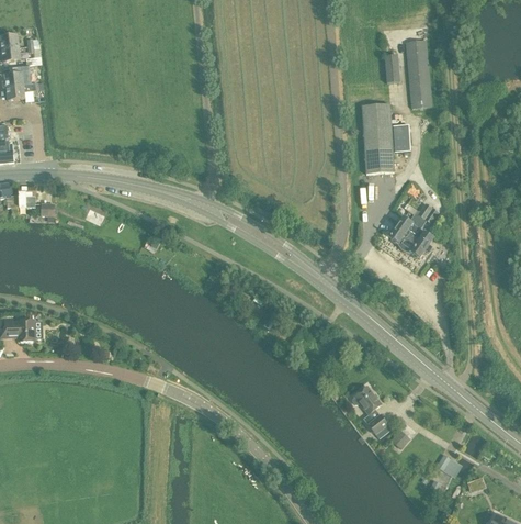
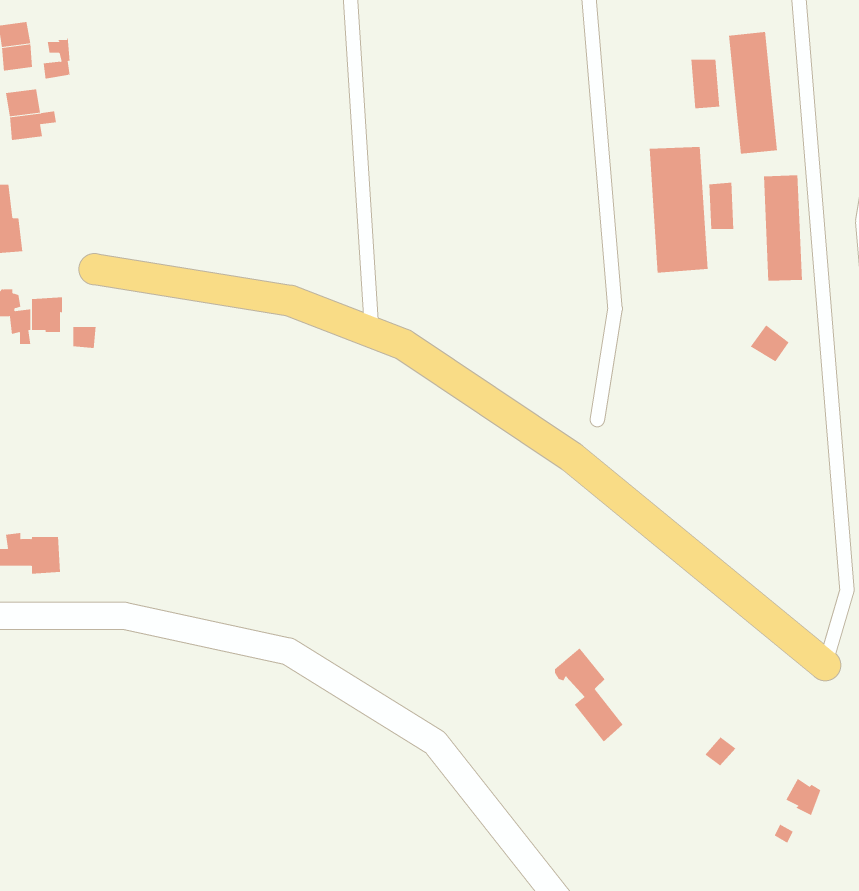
building: none -> [763,175,802,282]
building: [389,216,433,257] -> none
building: [352,386,390,438] -> [554,647,623,742]

